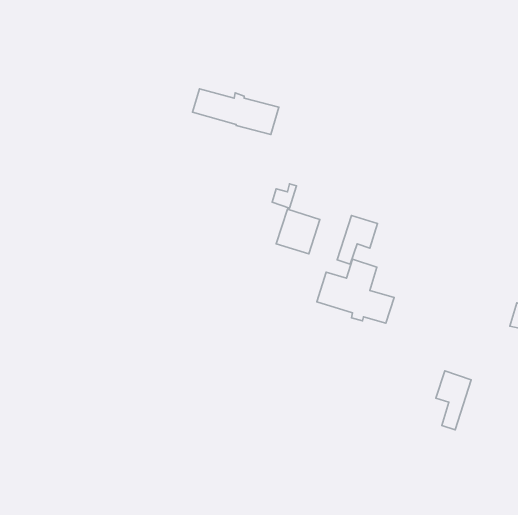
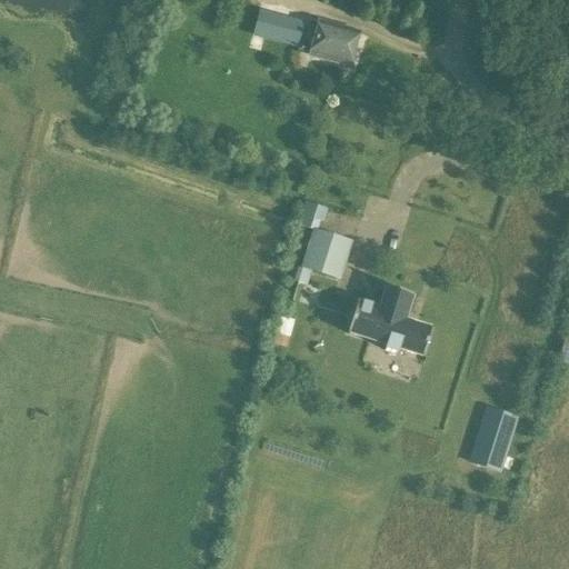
building: [192,89,279,135] -> [263,11,358,61]
building: [337,216,378,264] -> none

